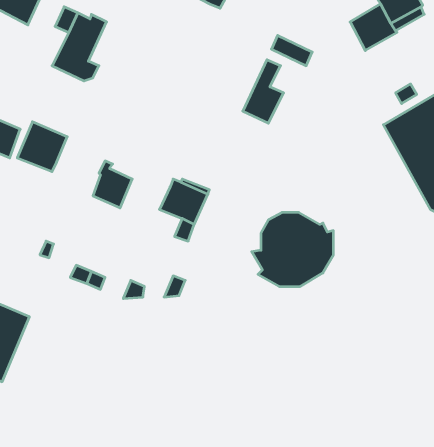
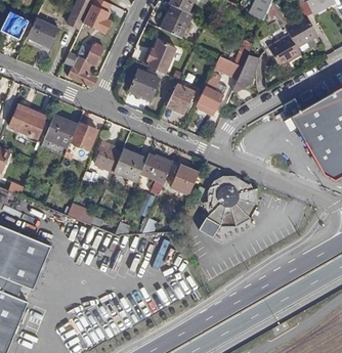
building: none -> [141,39,175,73]
building: none -> [232,52,259,90]
building: none -> [129,69,159,98]
building: none -> [166,83,195,114]
building: none -> [70,121,97,149]
building: none -> [113,147,146,187]
building: none -> [169,164,199,194]

